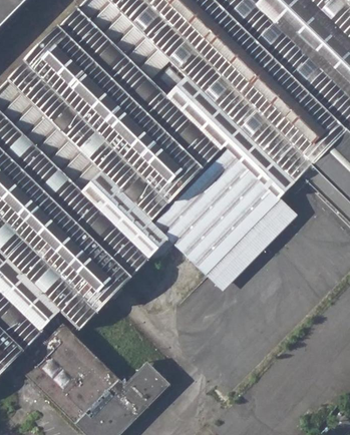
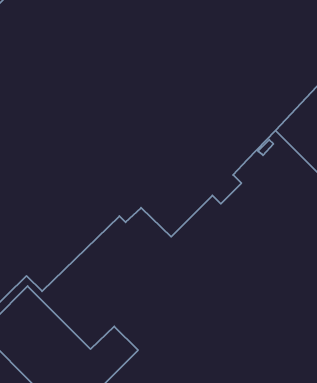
building: [203,198,295,292] -> none

